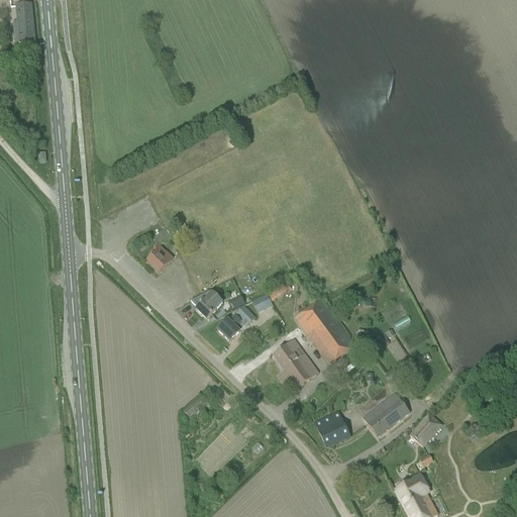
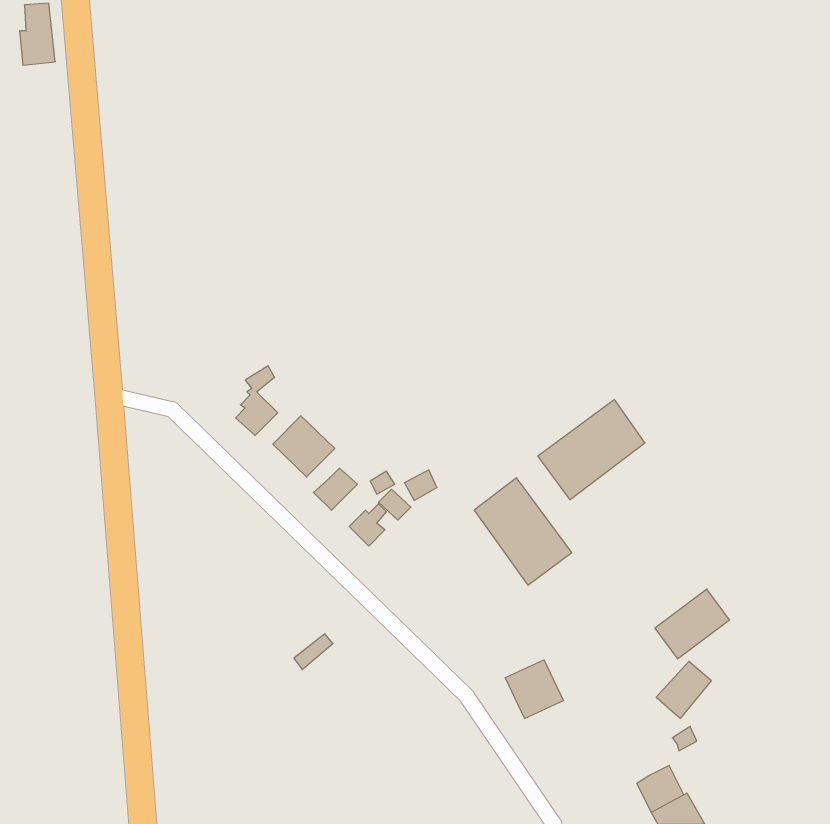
building: none -> [538,400,645,500]
building: none -> [273,416,335,477]
building: [273,337,317,392] -> none
building: [363,392,409,435] -> [655,589,730,659]

